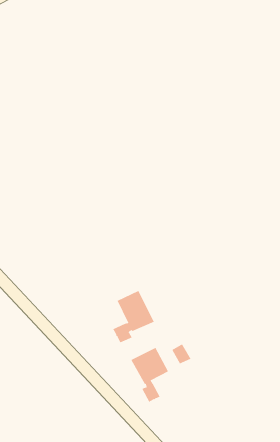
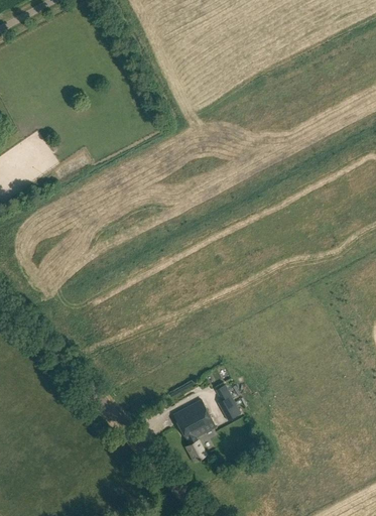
building: [113,290,155,343] -> none

